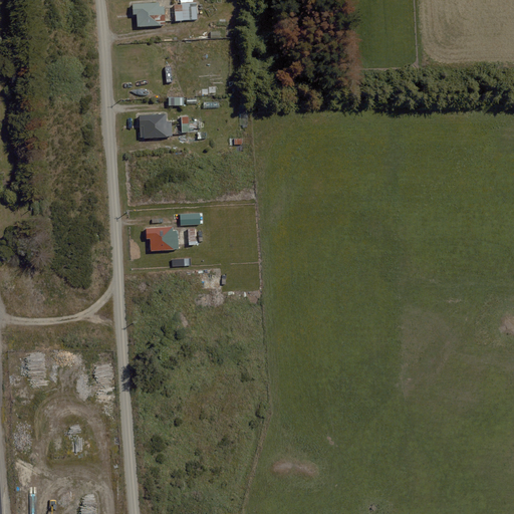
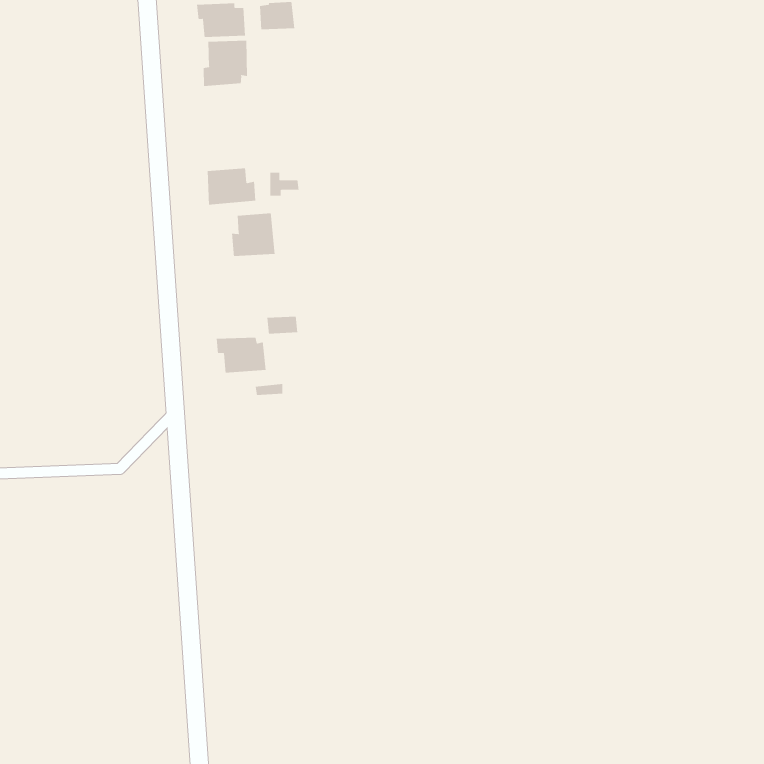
building: none -> [203,40,247,87]
building: none -> [232,213,275,257]

